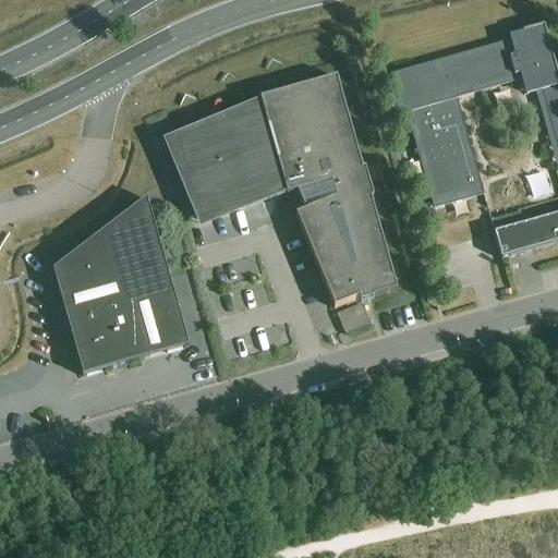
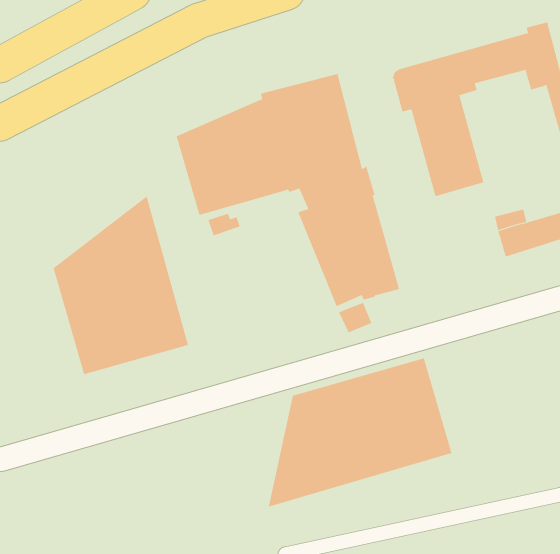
building: none -> [268,357,452,507]

